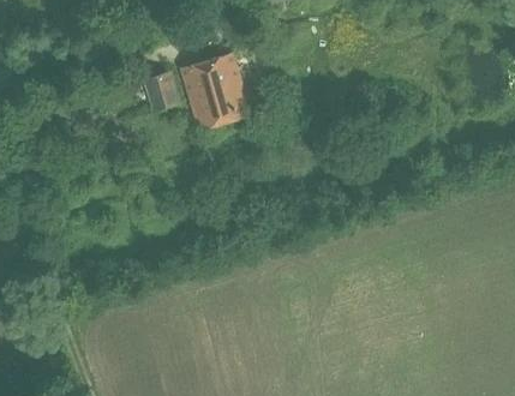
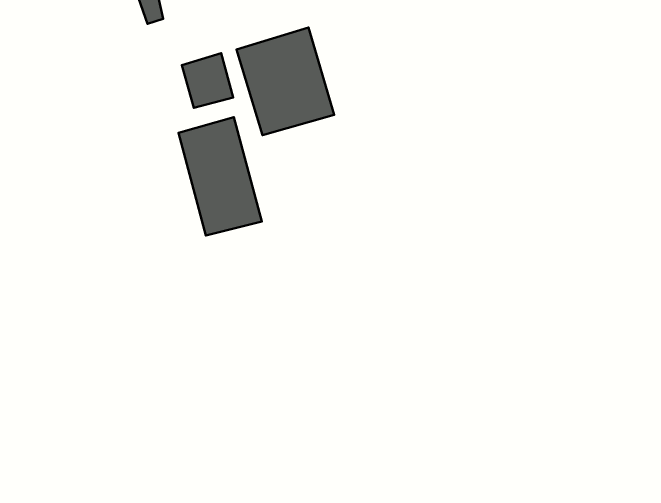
building: none -> [179,117,262,235]

